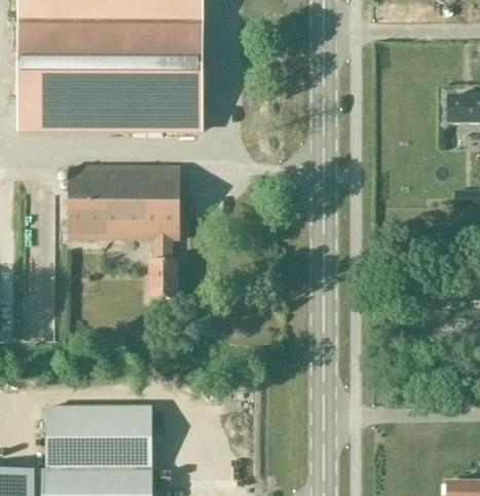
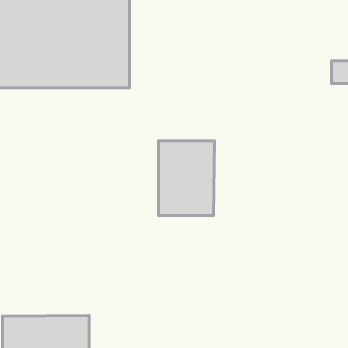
building: [69,166,179,297] -> none
building: none -> [159,141,214,215]

